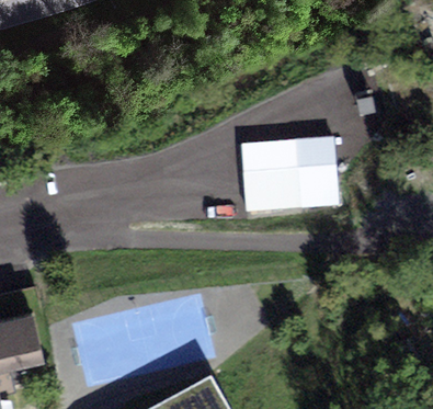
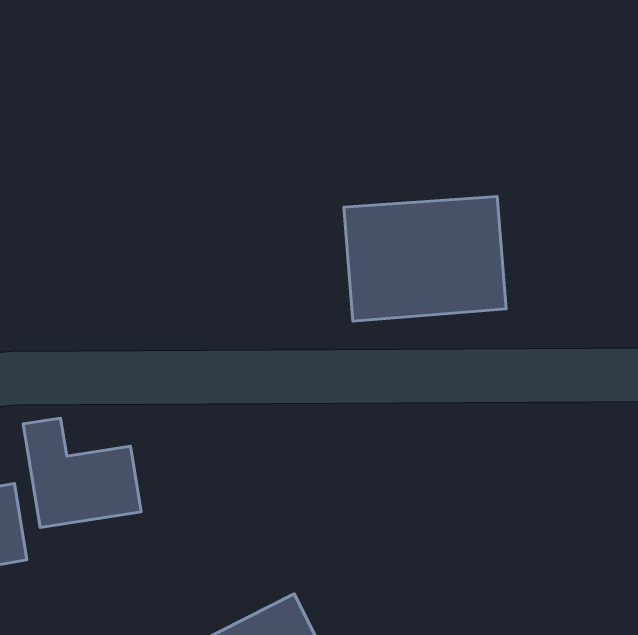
building: none -> [23,418,141,527]

